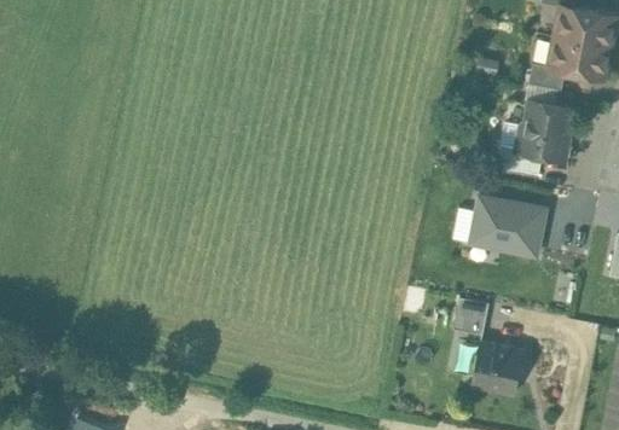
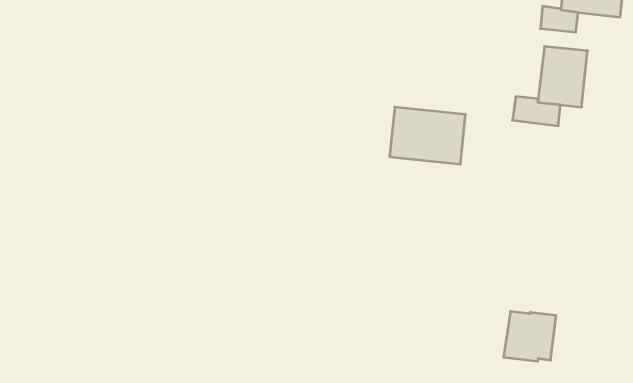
building: [472,198,545,256] -> [390,107,466,164]
building: [455,300,490,337] -> none

